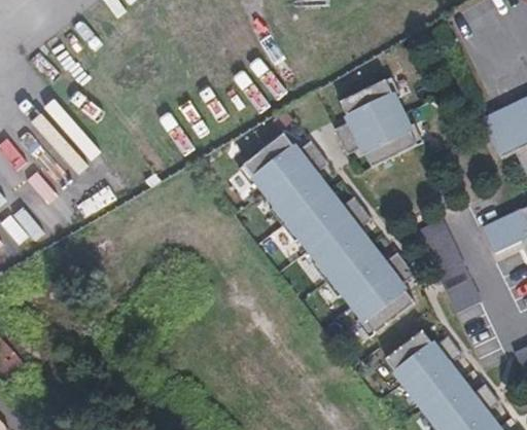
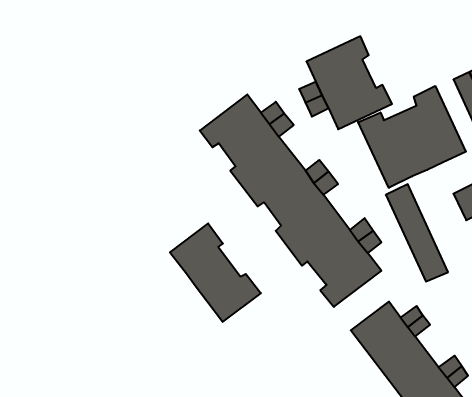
building: none -> [358,86,466,188]
building: none -> [170,223,261,322]

